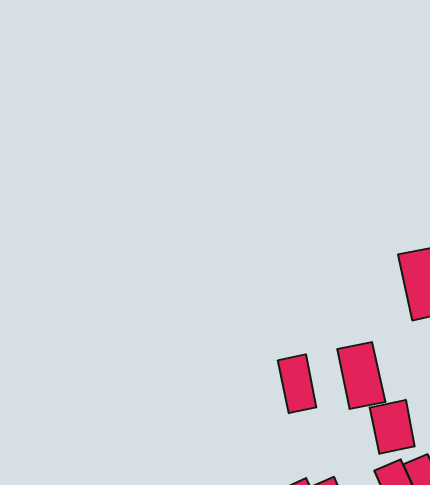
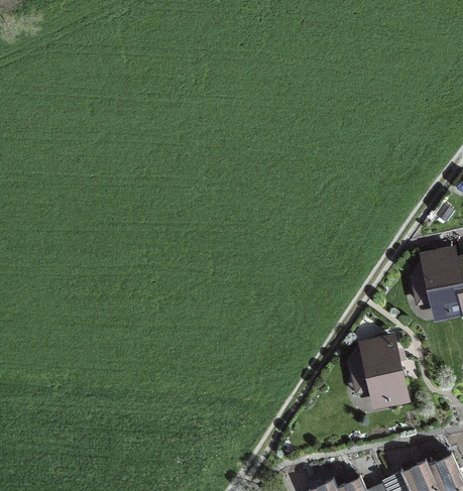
building: [278,354,316,413] -> none
building: [370,400,414,454] -> none

